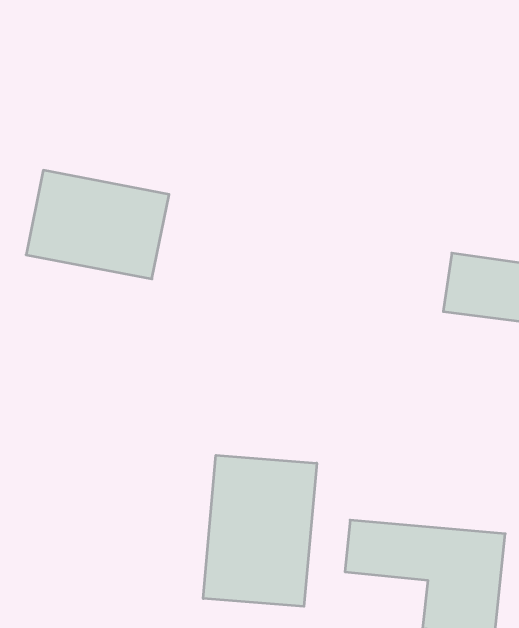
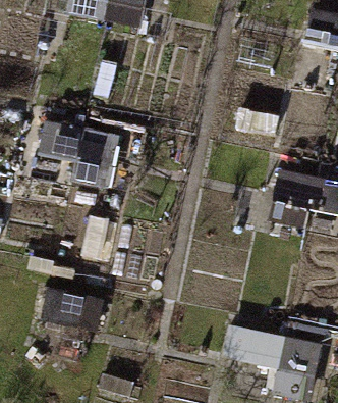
building: [203,455,317,606] -> none

